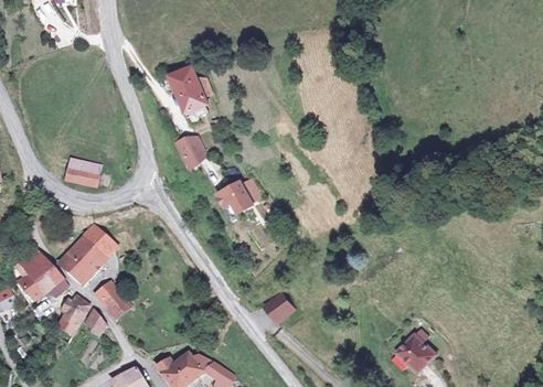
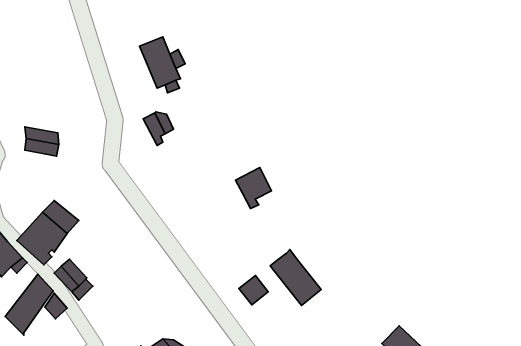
building: [214,183,248,222] -> [235,167,272,208]
building: none -> [270,250,321,306]

